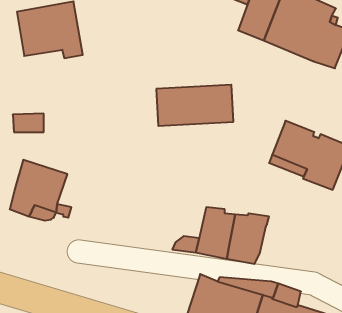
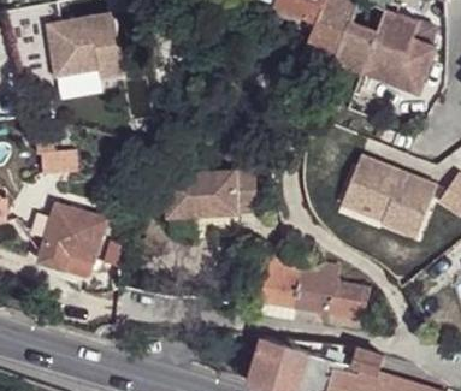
building: [156,85,233,126] -> [165,172,255,220]
building: none -> [325,277,371,327]

